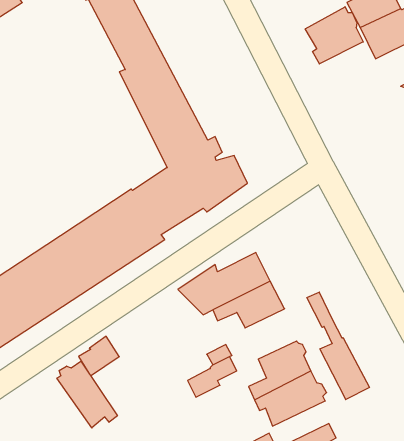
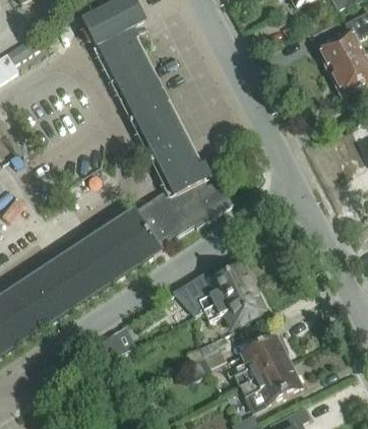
building: [305,7,363,64] -> none
building: [307,292,369,400] -> none
building: [57,361,117,428] -> none

